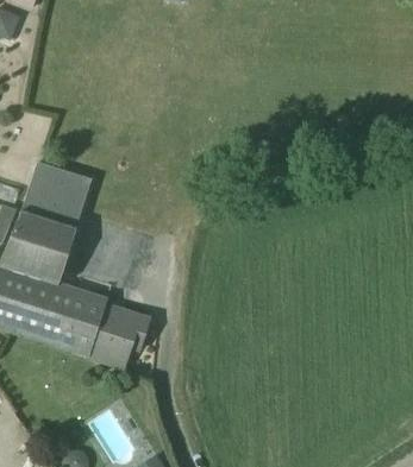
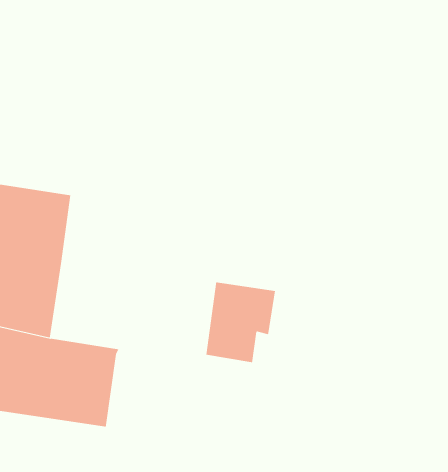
building: [88,304,149,370] -> [205,282,276,363]

